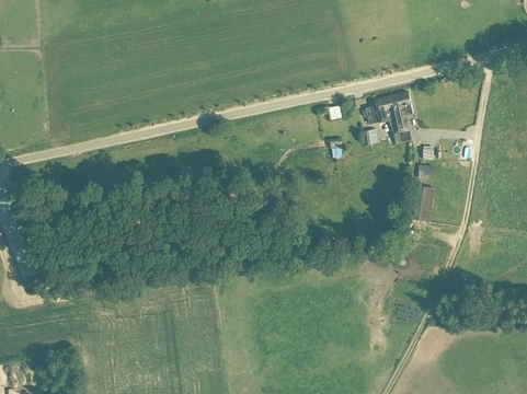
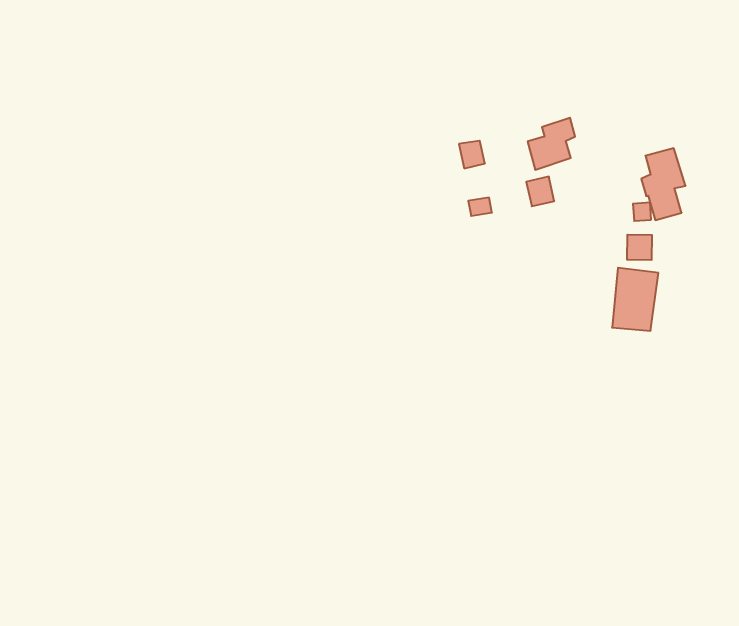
building: [388,93,413,134] -> [641,148,686,220]

